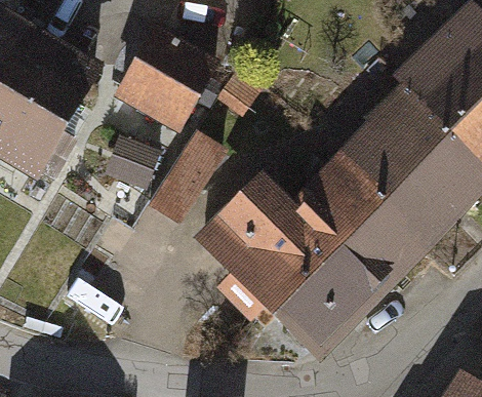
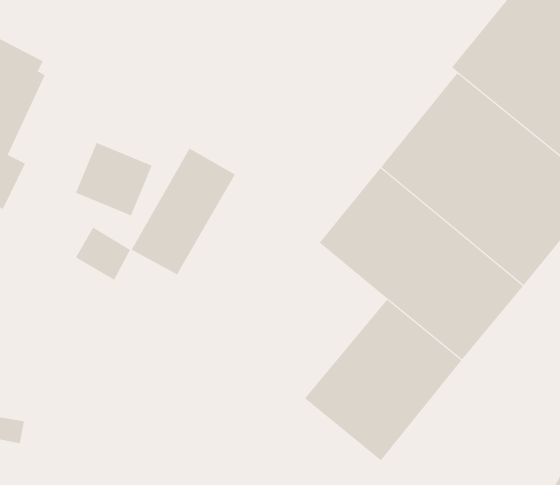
building: [119,30,212,120] -> none
building: [188,178,331,321] -> none

